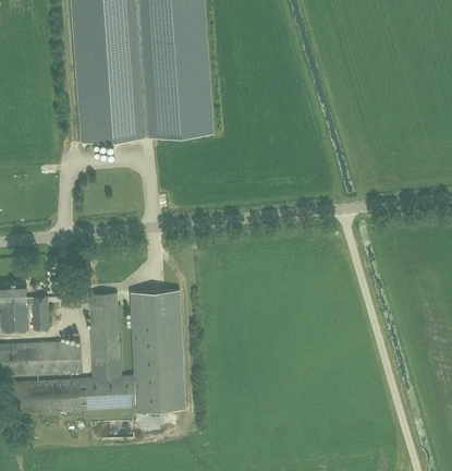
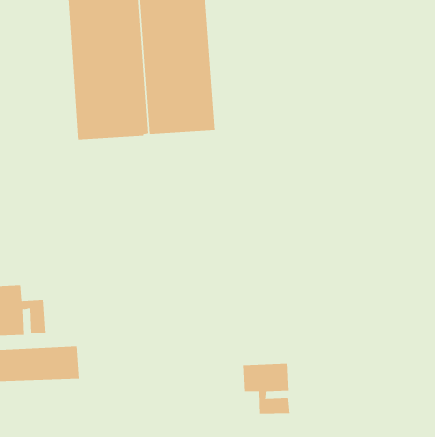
building: [10,289,185,413] -> none
building: none -> [243,363,290,414]

